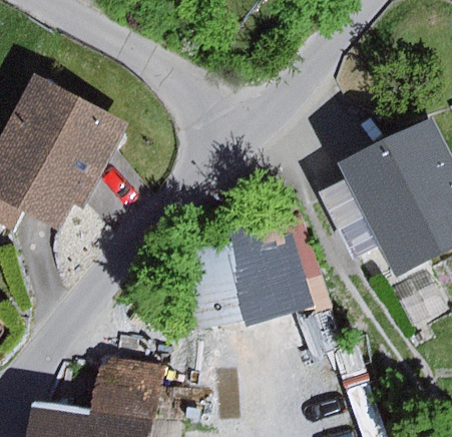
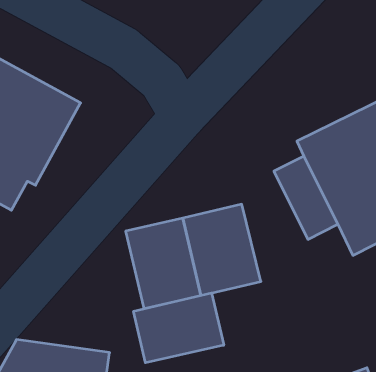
building: none -> [134,293,224,363]

